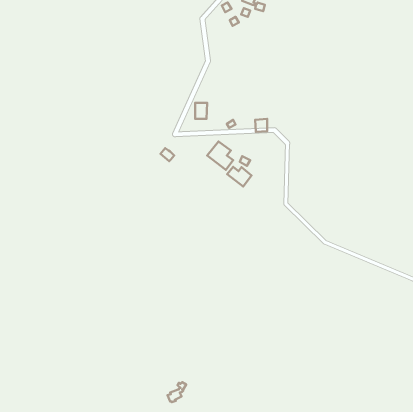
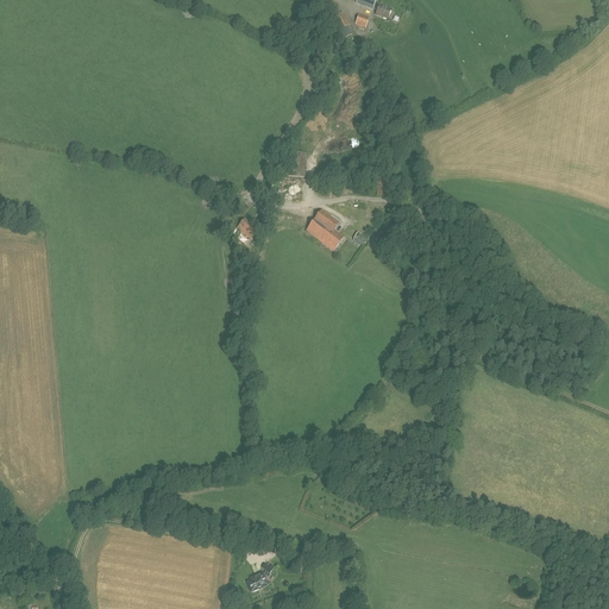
building: [227,167,251,187] -> none

